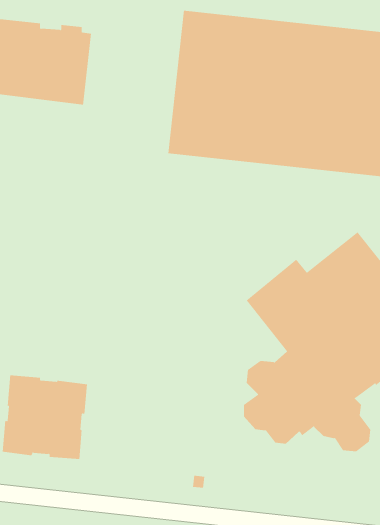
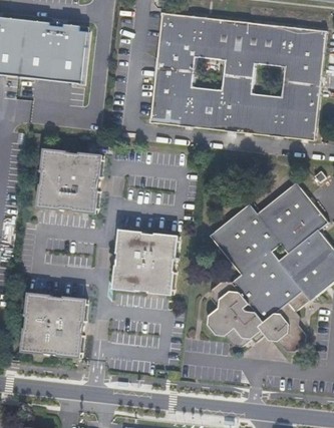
building: none -> [36,148,102,215]
building: none -> [113,230,179,295]

